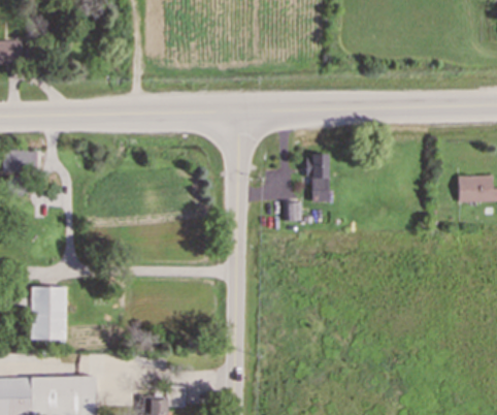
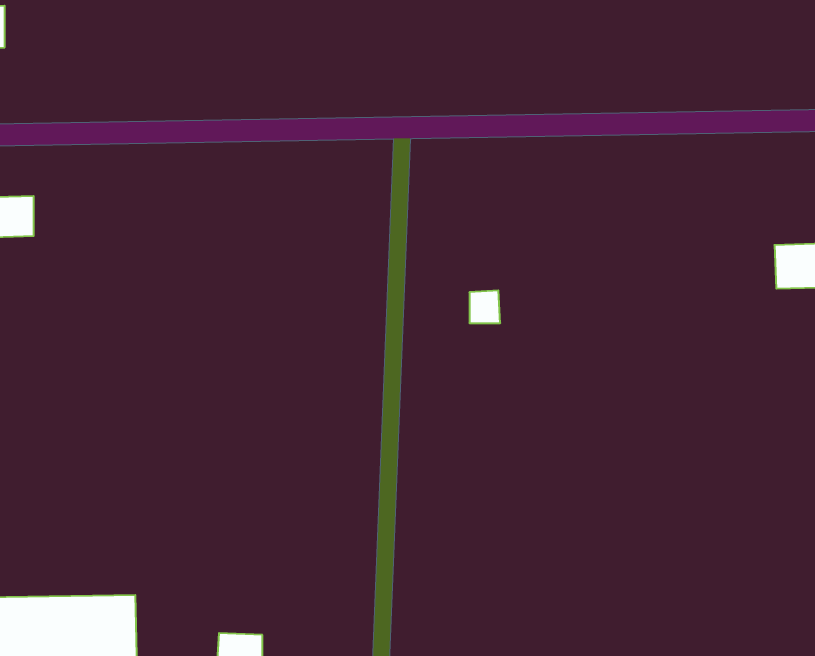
building: [306,156,329,201] -> none
building: [30,288,67,341] -> none

